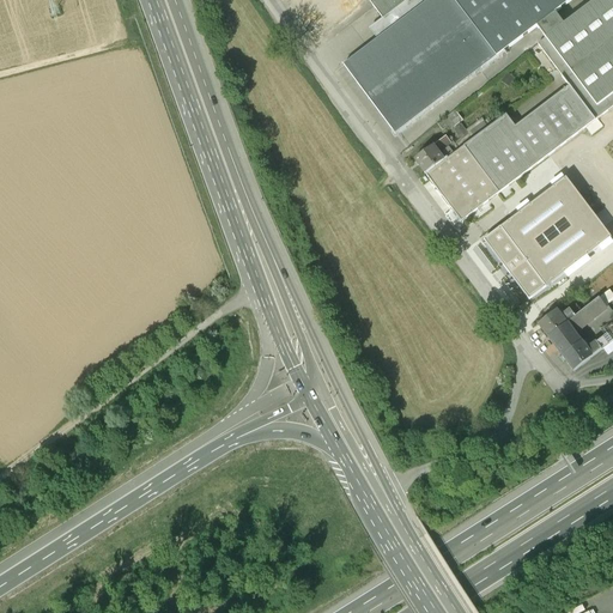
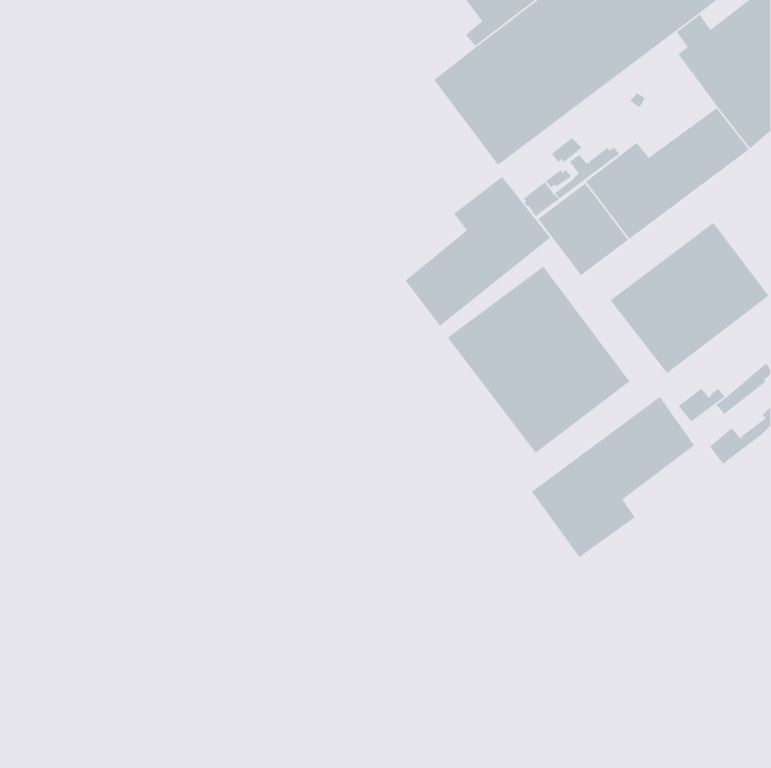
building: none -> [405,175,551,327]
building: none -> [447,266,631,454]
building: none -> [531,396,695,559]
building: [548,321,581,354] -> none

